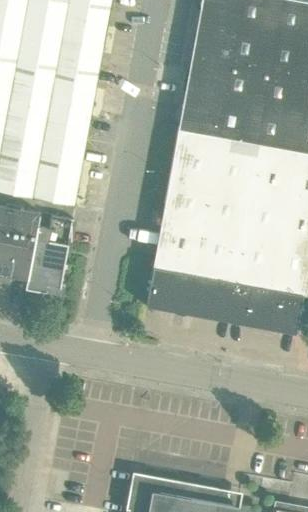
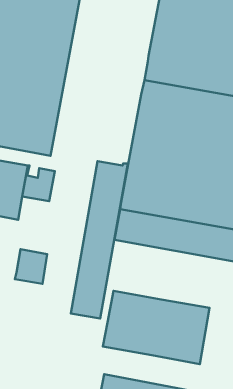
building: none -> [71,161,128,318]
building: [26,252,66,295] -> [15,249,47,284]
building: none -> [103,291,209,364]

